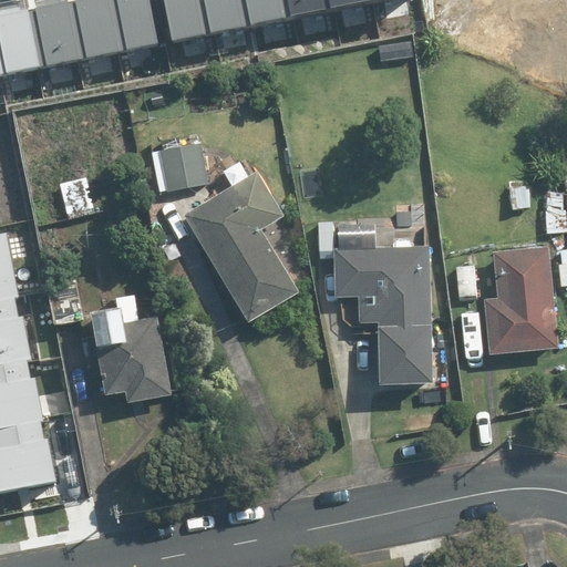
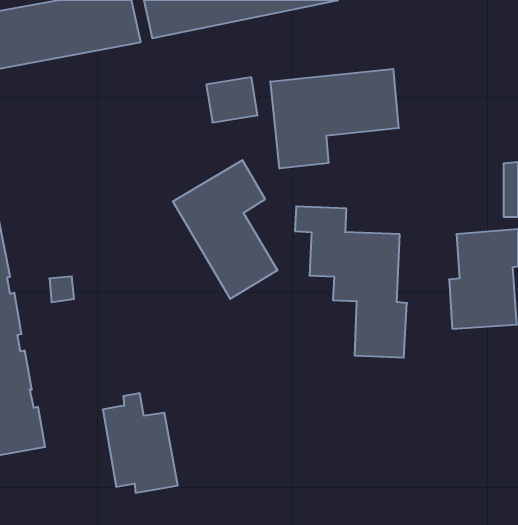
building: none -> [270,69,399,169]
building: [150,144,205,193] -> [206,77,258,123]
building: [92,296,173,403] -> [103,393,178,493]

